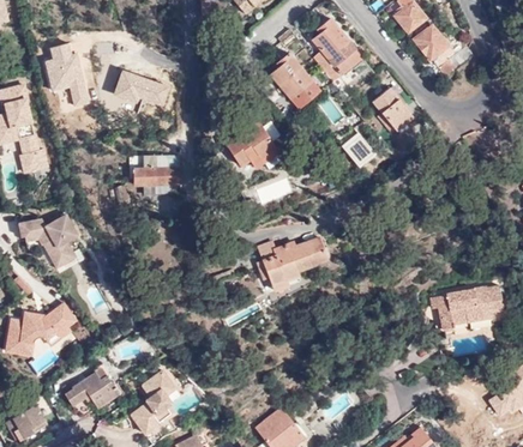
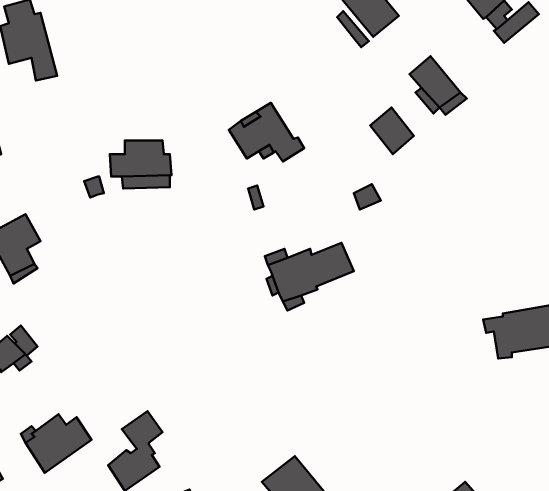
building: [271,52,314,98] -> none
building: [112,70,172,109] -> none

